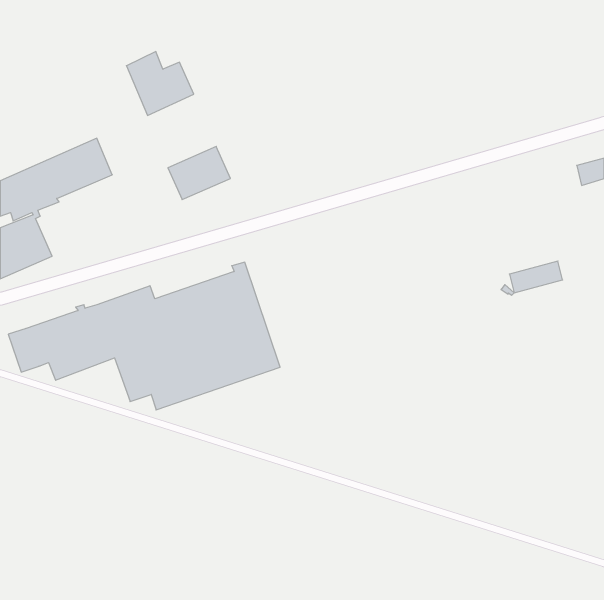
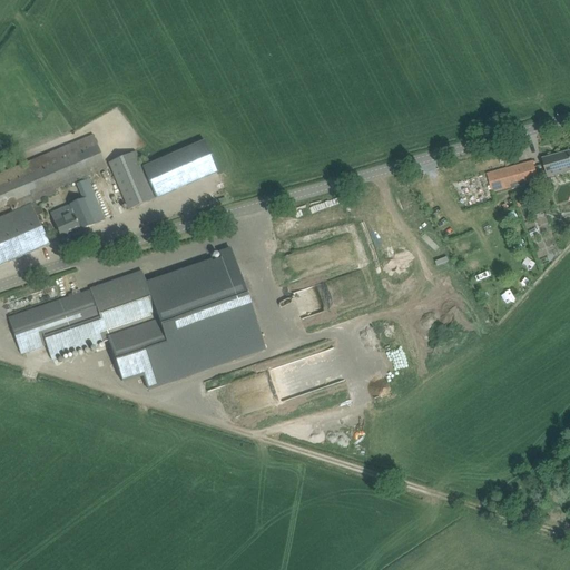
building: [126,52,194,115] -> [108,148,171,208]
building: none -> [51,177,105,236]
building: [509,261,563,293] -> [488,159,538,189]

